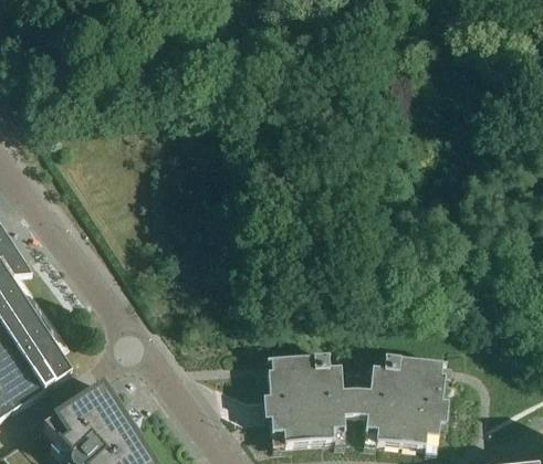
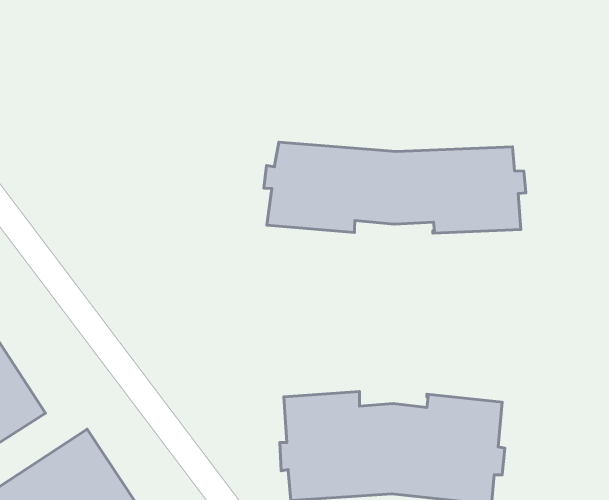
building: none -> [264,142,526,233]

